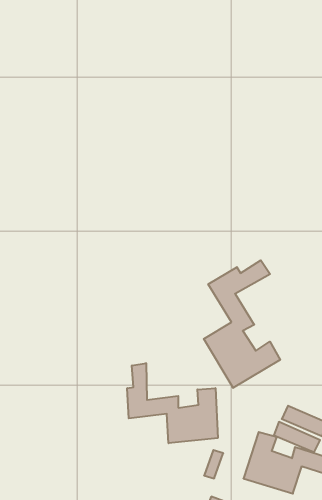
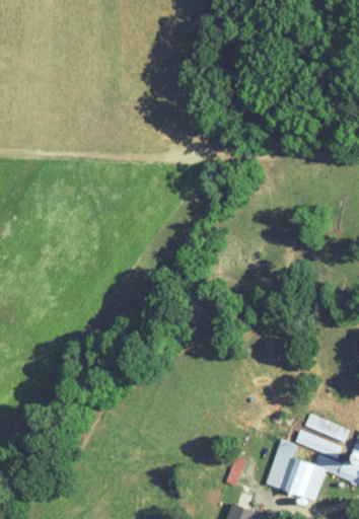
building: [204,260,280,388] -> none
building: [127,363,218,443] -> none

